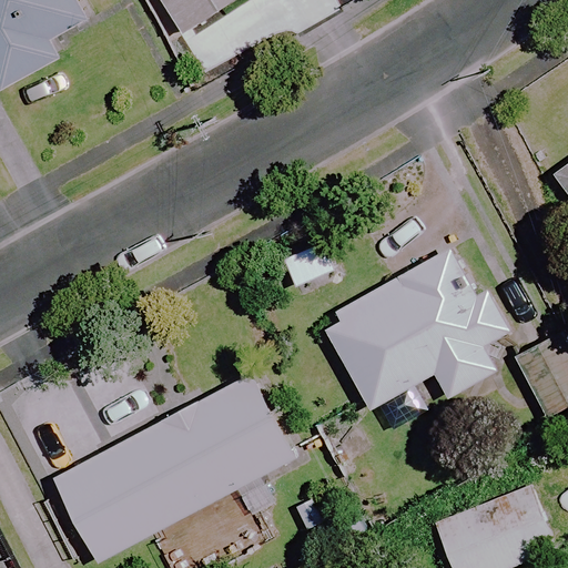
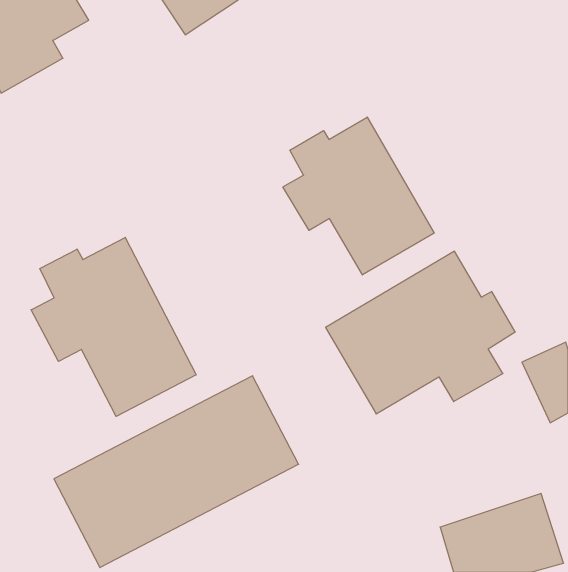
building: none -> [283,117,434,275]
building: none -> [31,237,196,416]

